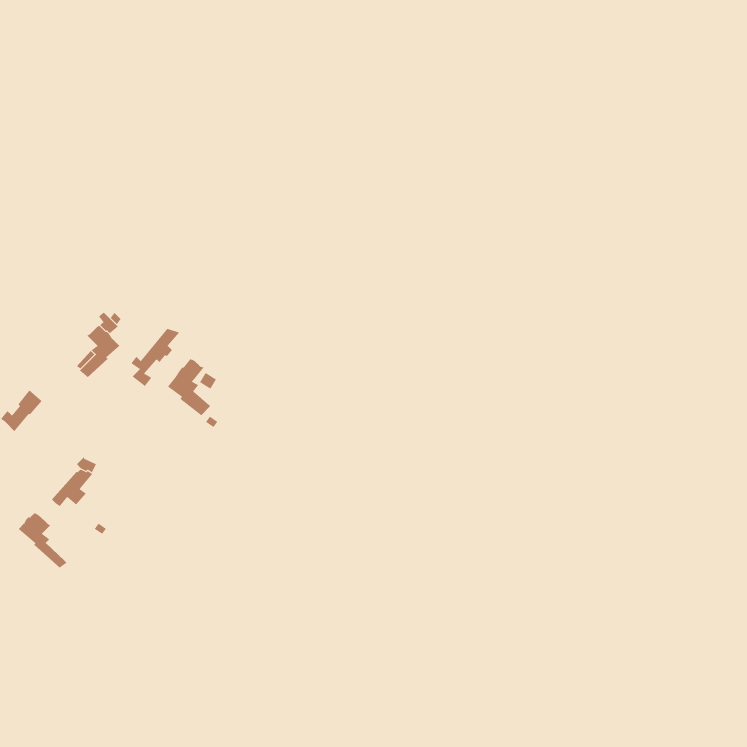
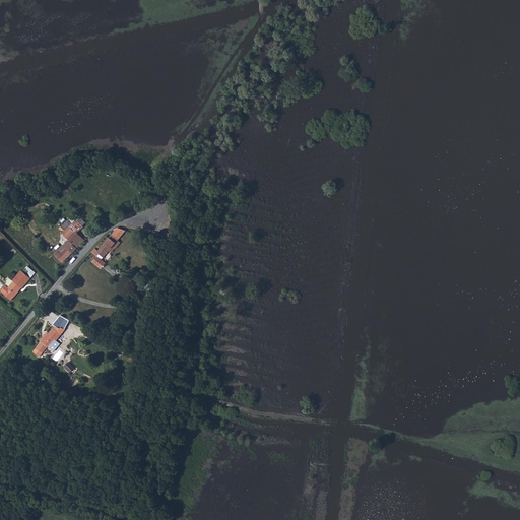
building: [167,359,211,416] -> none
building: [18,512,67,568] -> none

